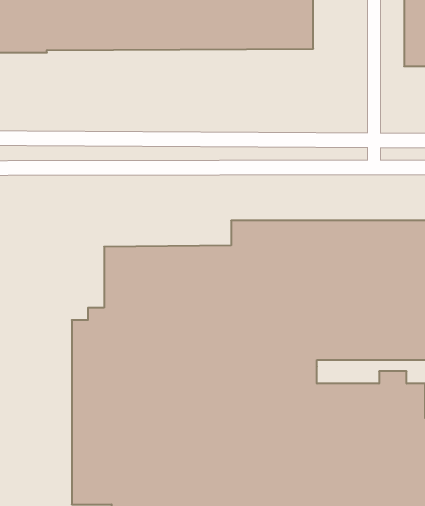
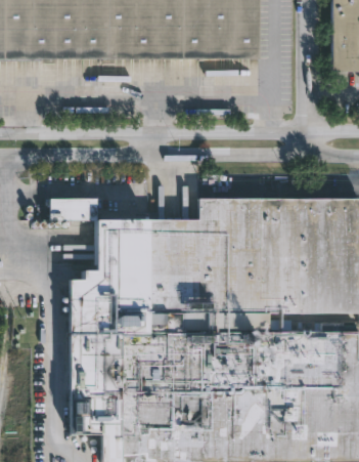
building: none -> [47,196,94,219]

